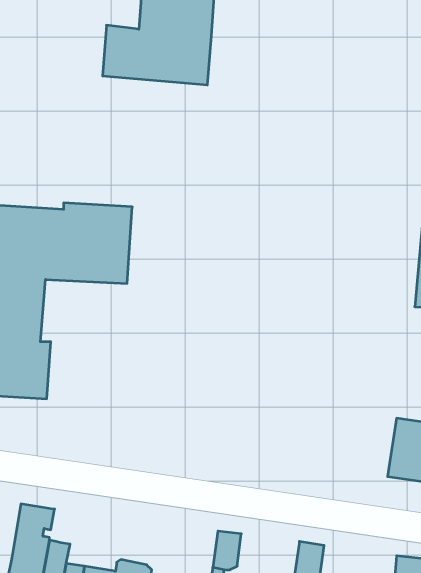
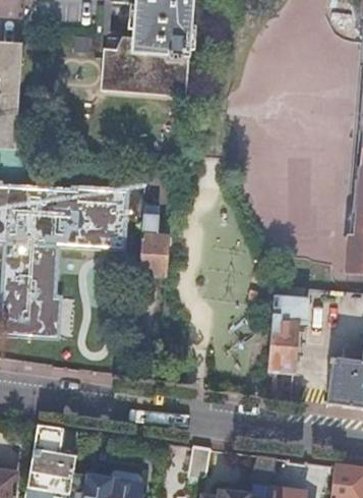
building: none -> [137,207,170,285]
building: none -> [267,288,308,372]

